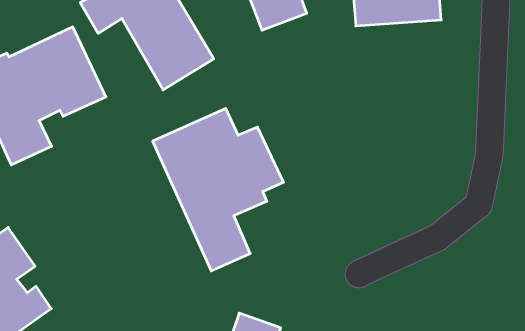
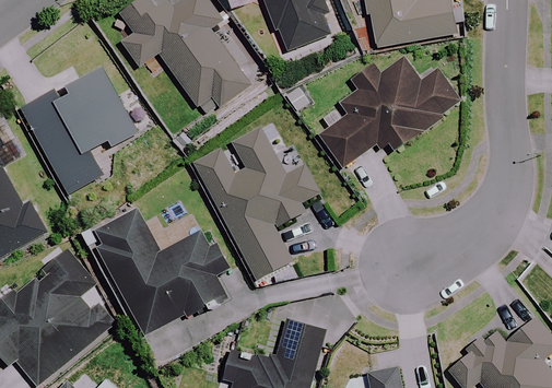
building: none -> [317,59,460,169]
building: none -> [94,210,227,333]

